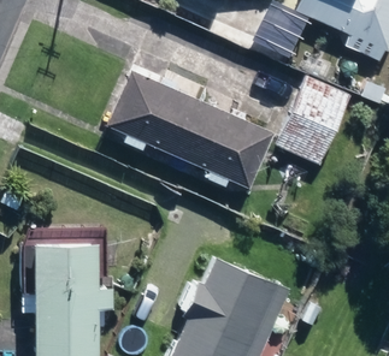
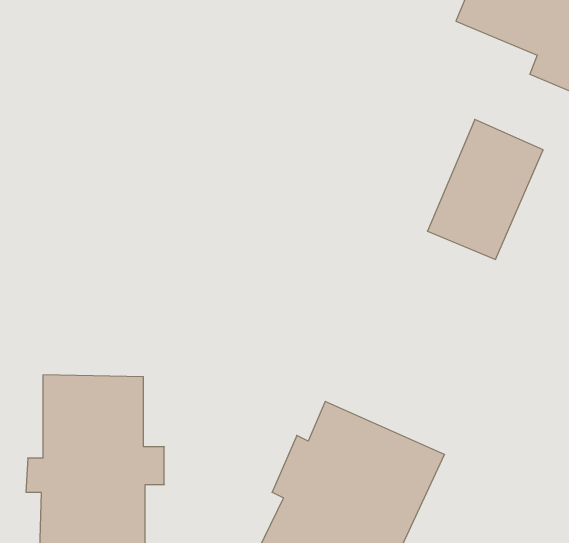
building: [106,71,273,188] -> none

